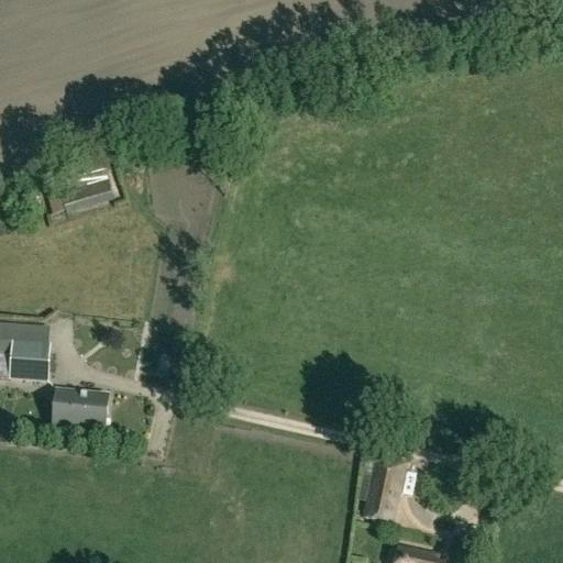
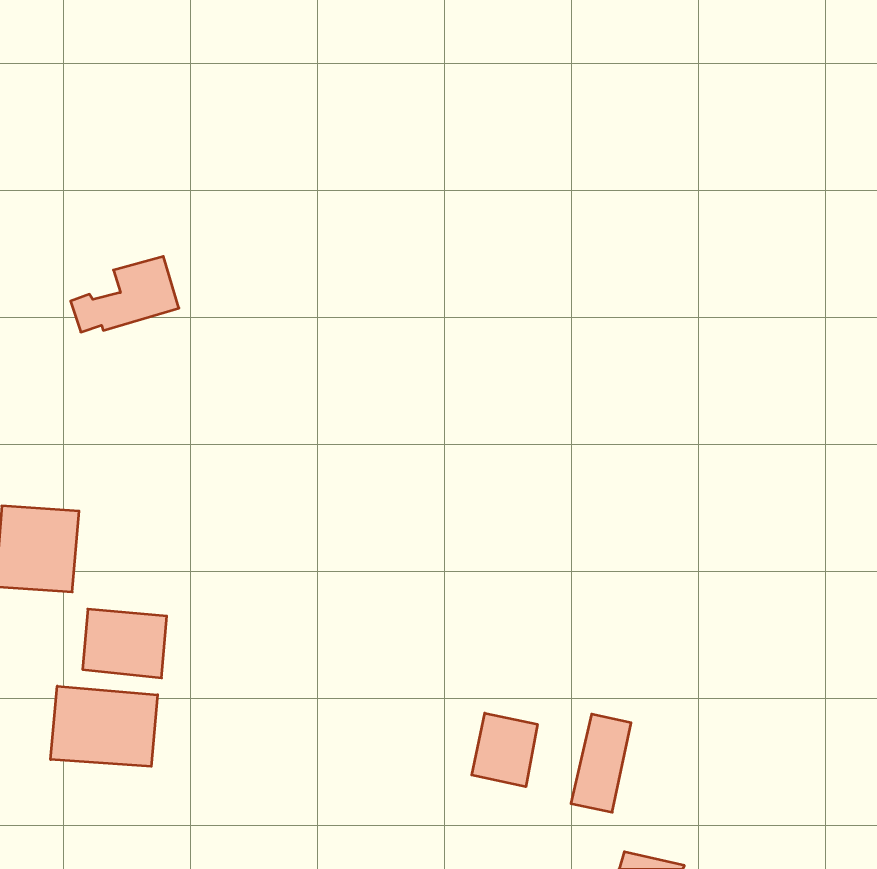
building: none -> [51,686,158,766]
building: none -> [472,713,537,787]

